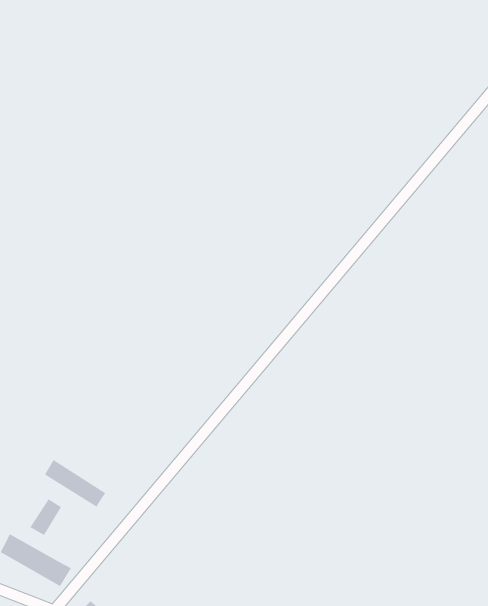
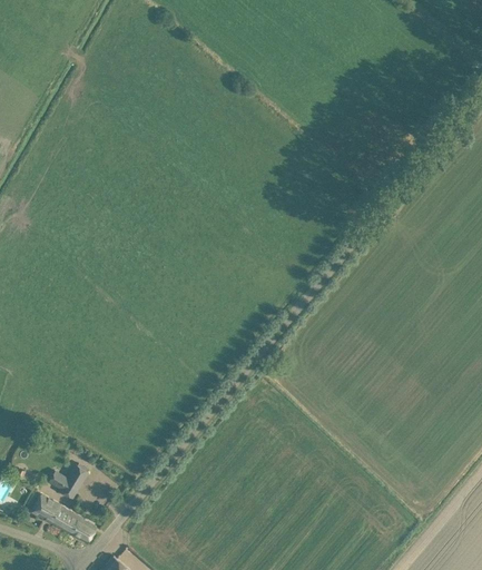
building: [44,459,106,508] -> none

